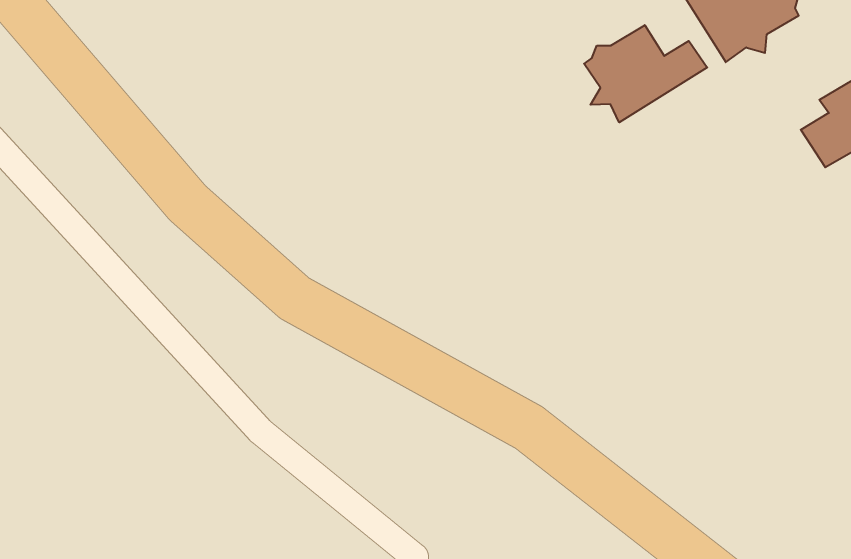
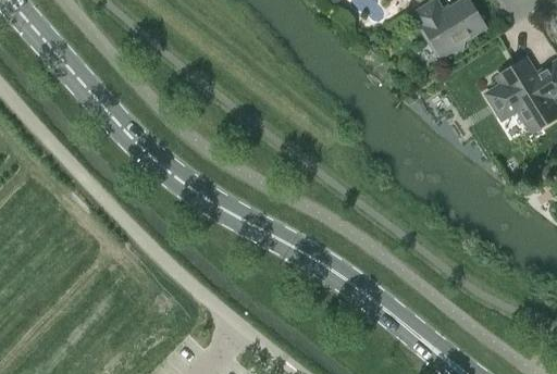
building: [584,25,707,122] -> none

